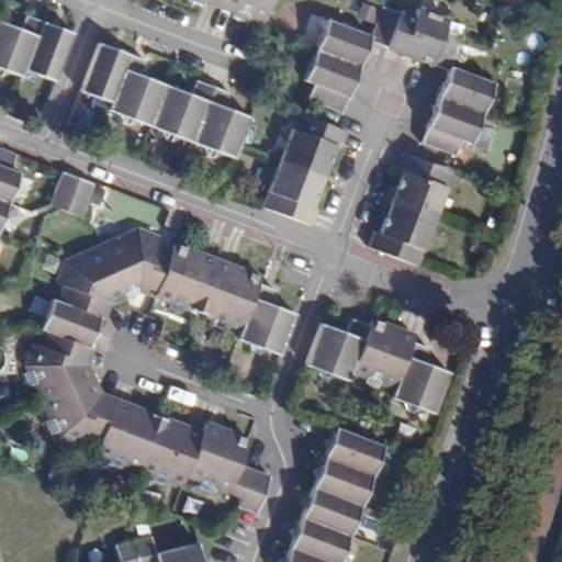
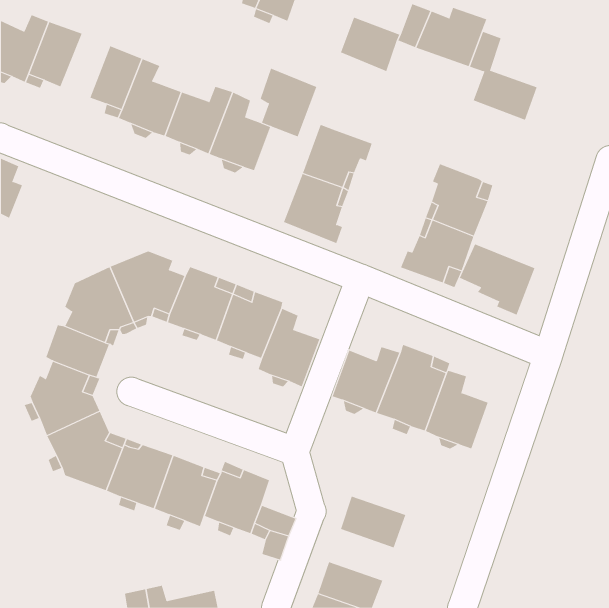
building: [304,48,357,112] -> [260,68,317,137]
building: [418,92,484,153] -> none
building: [52,171,95,215] -> none
building: none -> [459,244,535,316]
building: [324,424,385,473] -> none
building: [303,486,363,533] -> none

